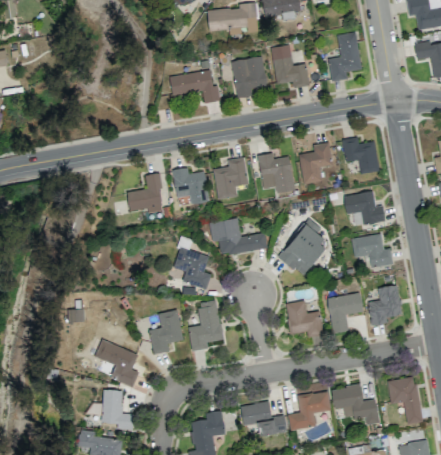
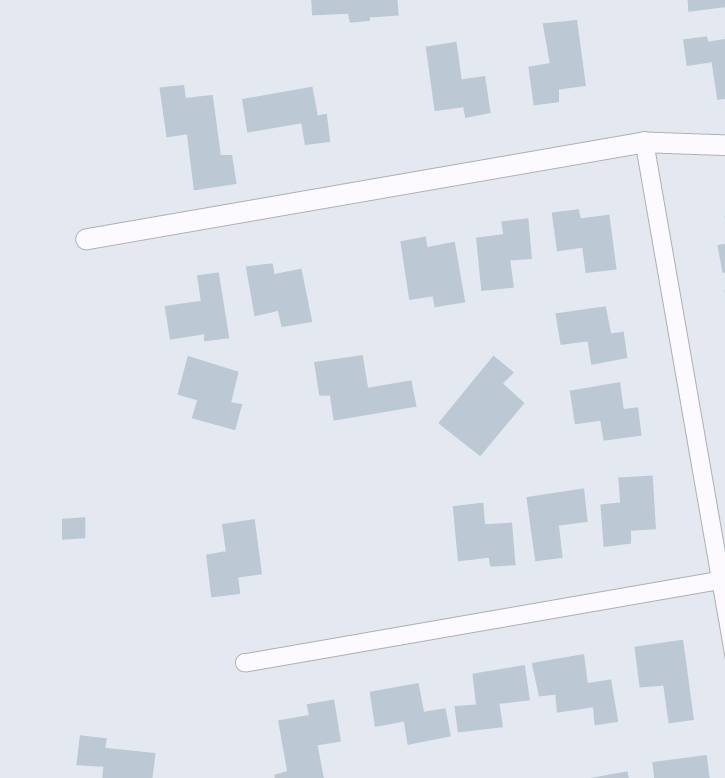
building: [233,57,267,98] -> none
building: none -> [159,84,237,191]
building: [214,157,248,199] -> none
building: [174,247,211,289] -> [176,355,243,431]
building: [188,300,223,351] -> none
building: [90,339,139,387] -> none
building: [102,390,134,429] -> none

